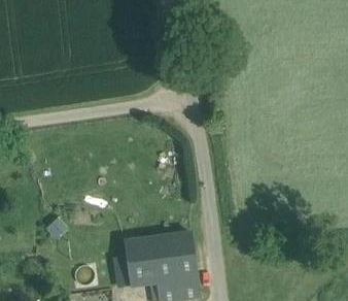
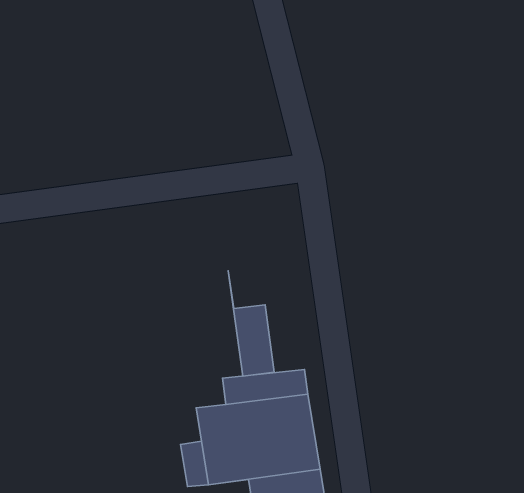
building: none -> [228,271,274,376]

